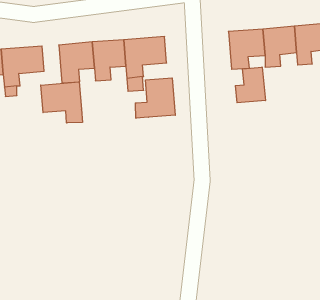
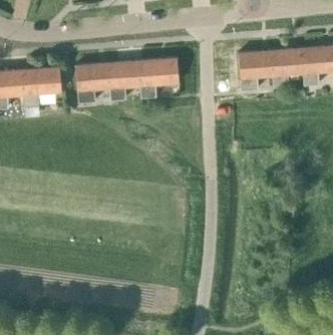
building: [235,67,265,103] -> none
building: [135,78,175,118] -> none
building: [41,82,82,123] -> none

